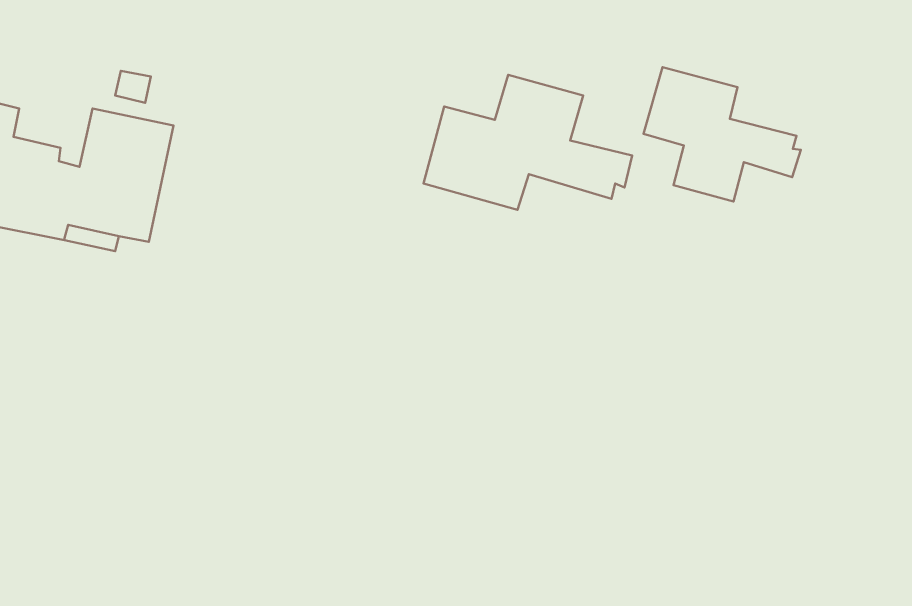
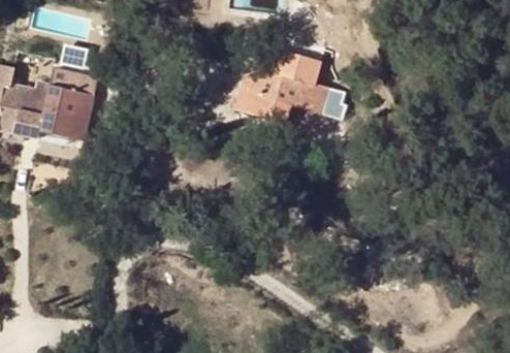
building: [644,67,801,202] -> none

